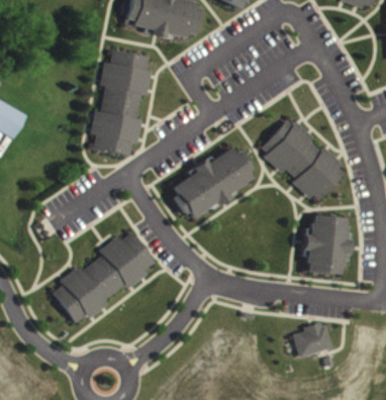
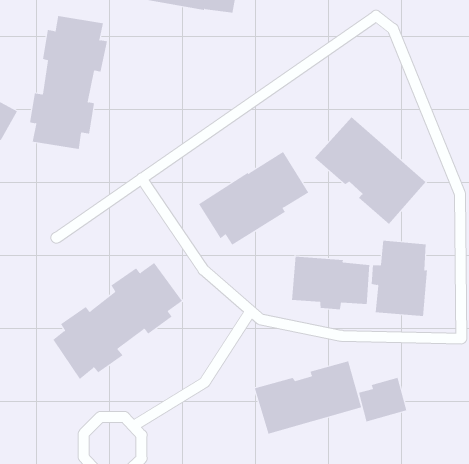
building: [91,51,153,156] -> [29,15,108,150]
building: none -> [292,256,370,310]
building: none -> [254,360,362,434]

